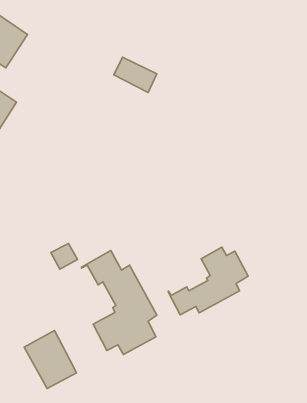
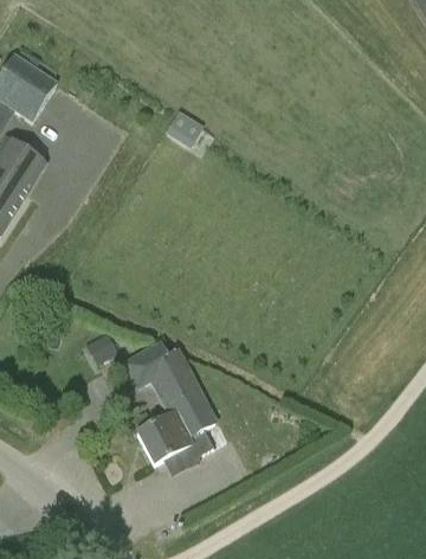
building: [168,247,248,315] -> none
building: [24,331,77,388] -> none

